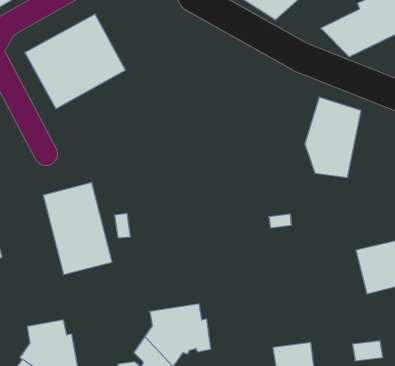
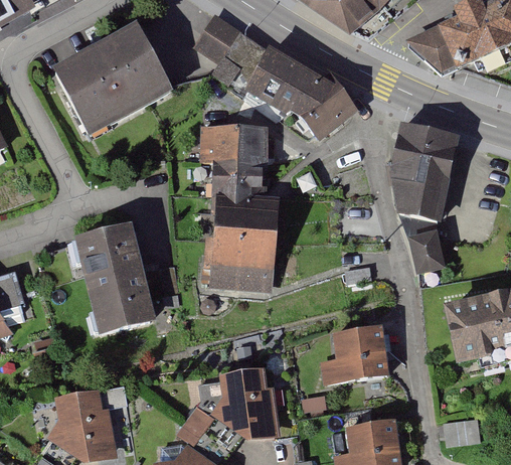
building: none -> [195,13,354,139]
building: none -> [201,124,278,290]
building: none -> [410,230,442,273]
building: none -> [337,325,388,377]

